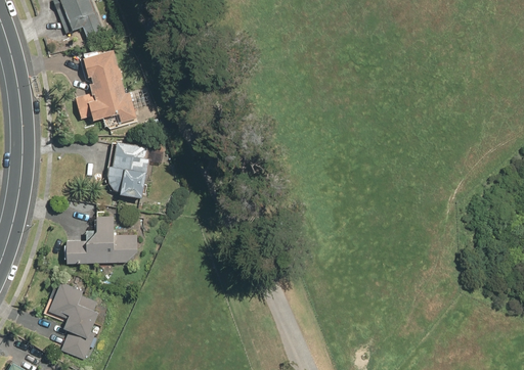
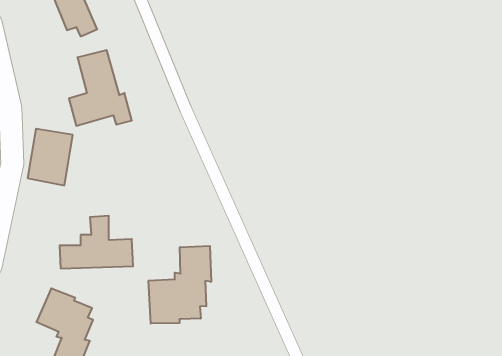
building: [106,142,150,197] -> [28,129,73,185]
building: none -> [149,246,211,324]

